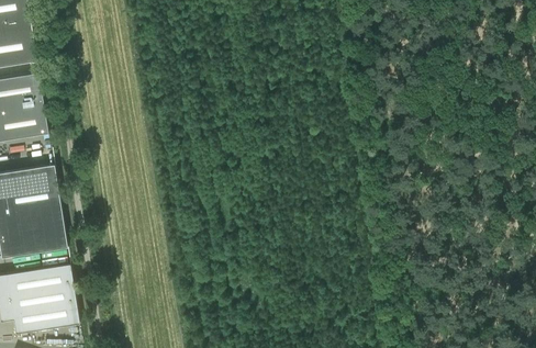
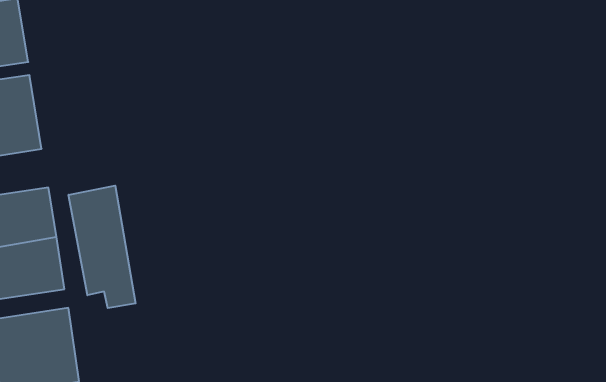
building: none -> [69,186,136,308]

